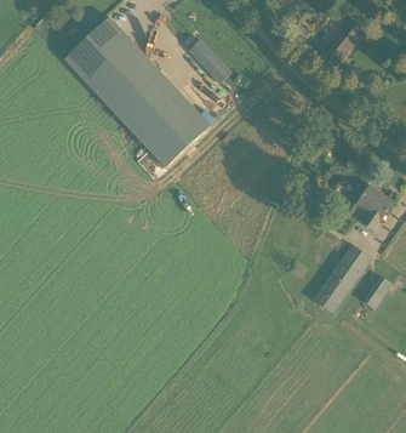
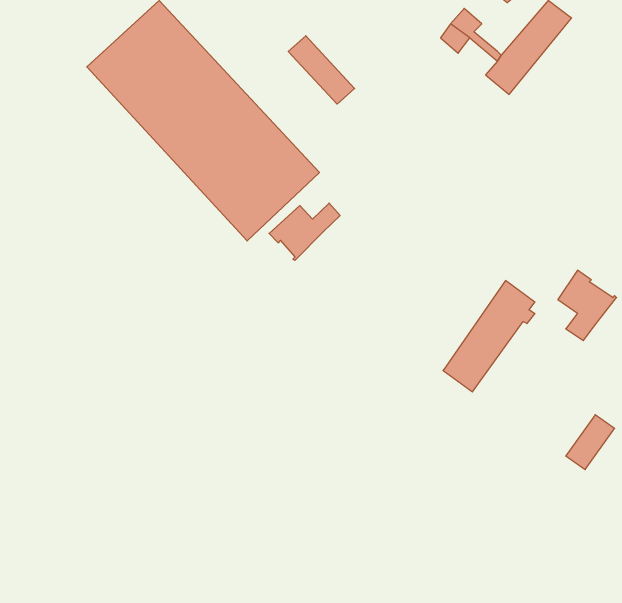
building: none -> [269,203,340,260]
building: [313,243,370,312] -> [443,281,535,392]

